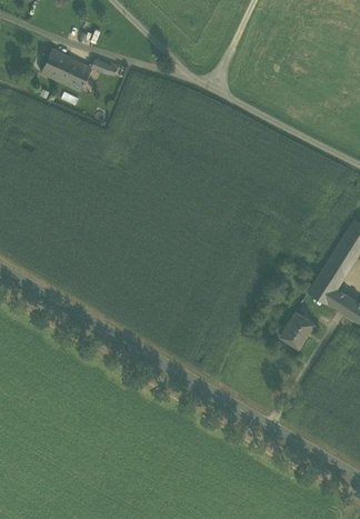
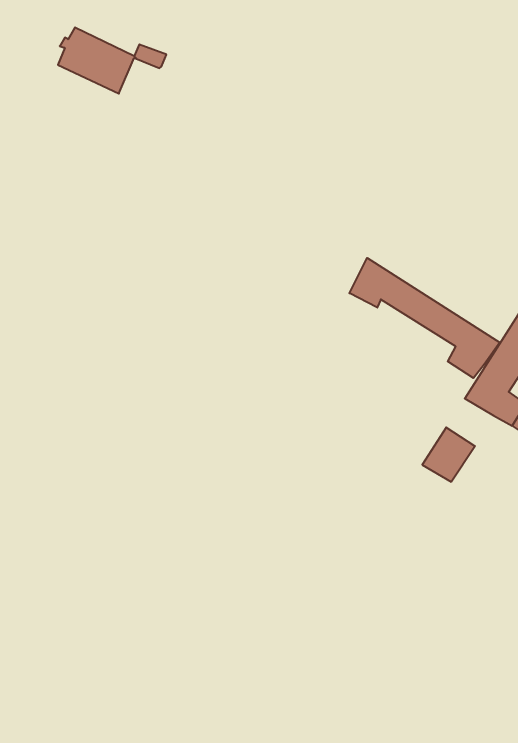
building: none -> [349,258,500,378]

